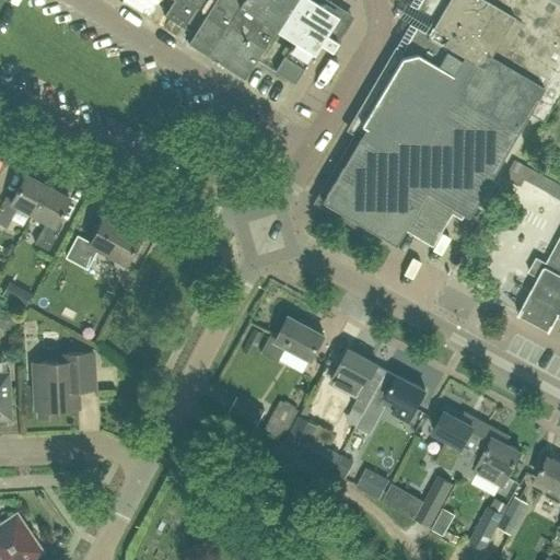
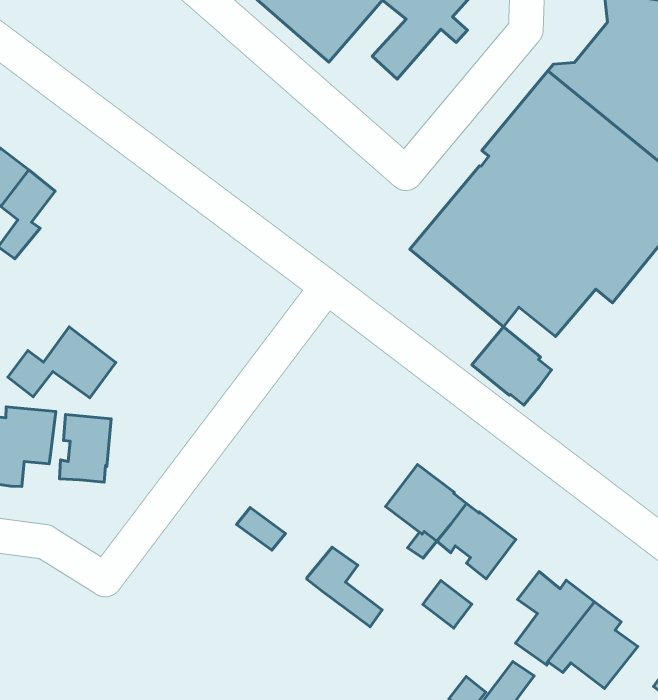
building: [67,217,140,269] -> [8,327,116,398]
building: none -> [472,327,552,405]
building: [264,317,326,362] -> none
building: none -> [60,414,111,482]
building: [264,401,298,439] -> none
building: [357,468,390,500] -> [423,581,472,628]

